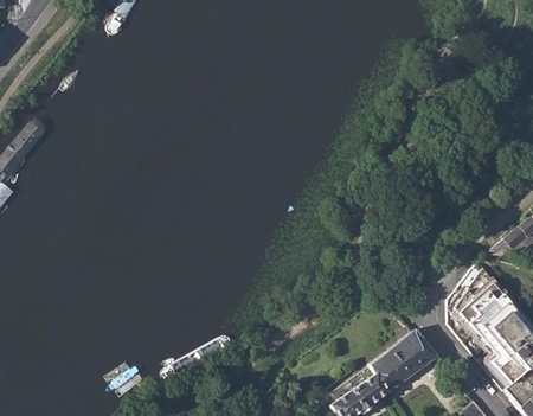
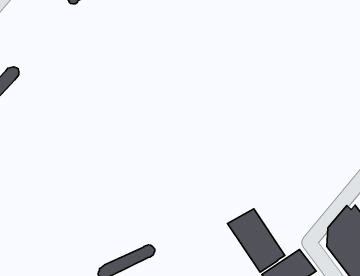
building: none -> [228,209,285,272]

